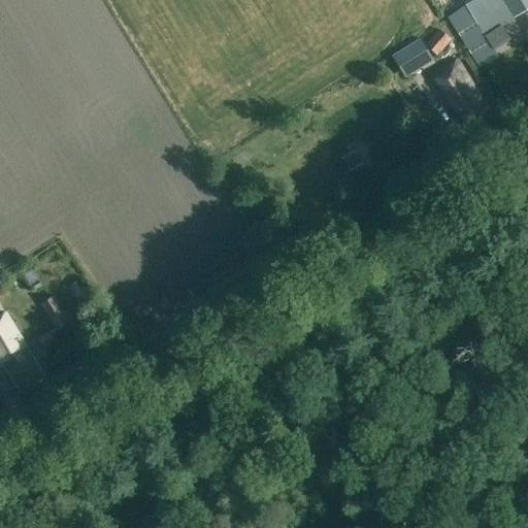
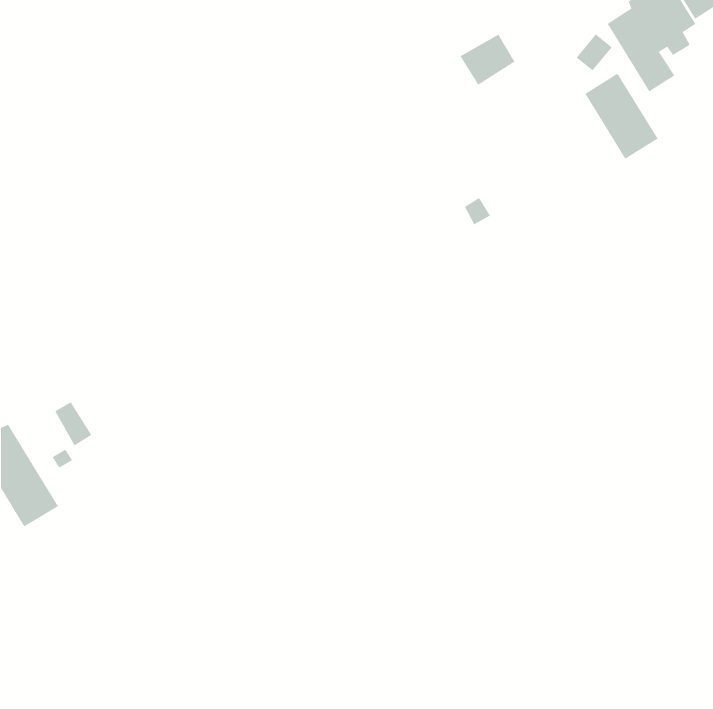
building: [393,37,434,75] -> [460,34,516,85]

